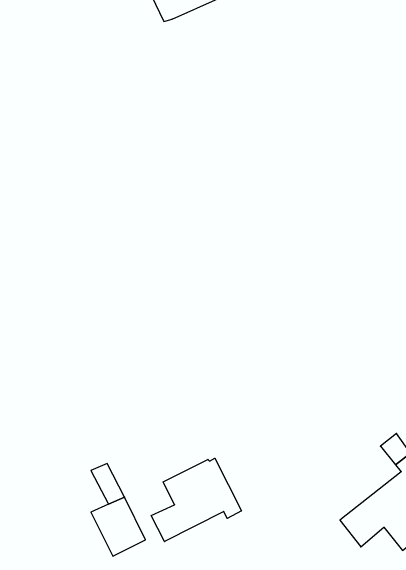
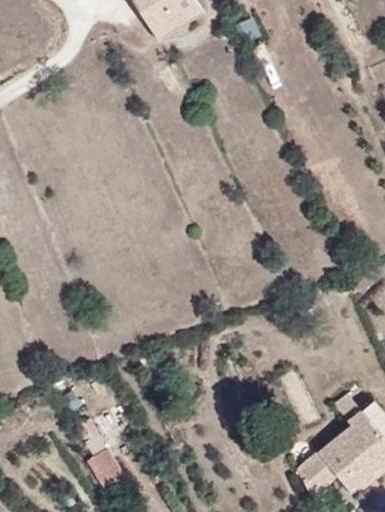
building: [151,458,241,542] -> none

